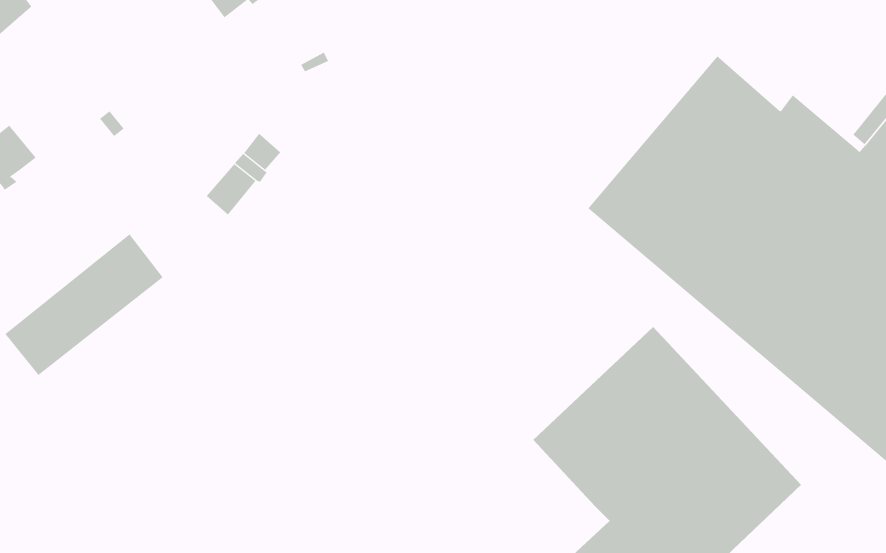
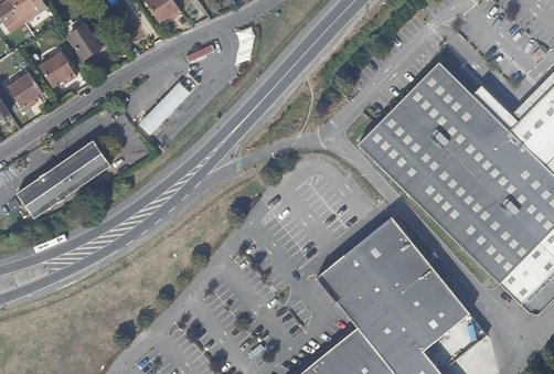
building: none -> [67,24,100,60]
building: none -> [39,52,76,87]

